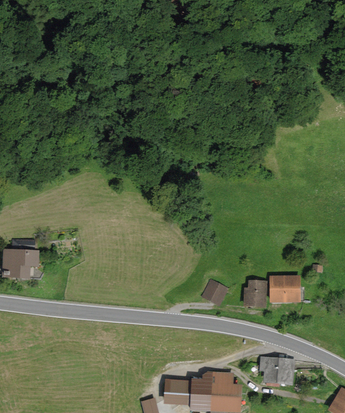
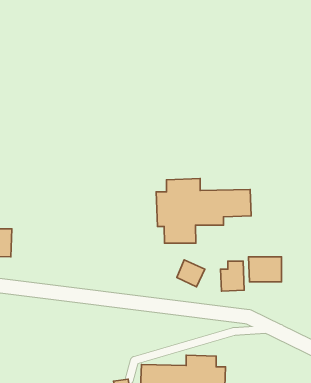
building: none -> [156,179,251,243]
building: [260,357,296,385] -> none

